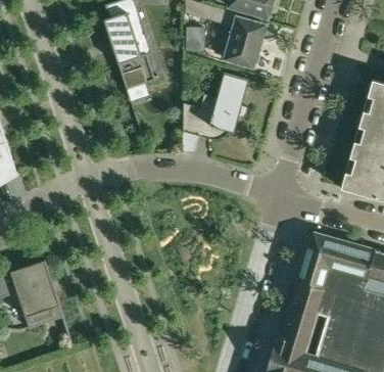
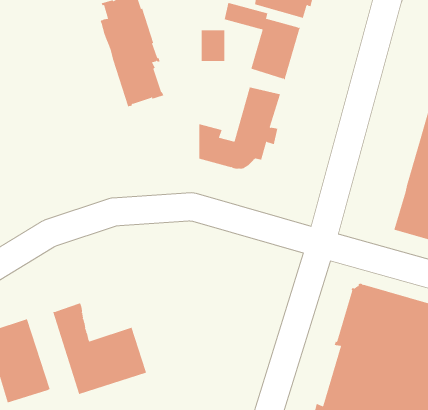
building: none -> [53,303,146,395]

